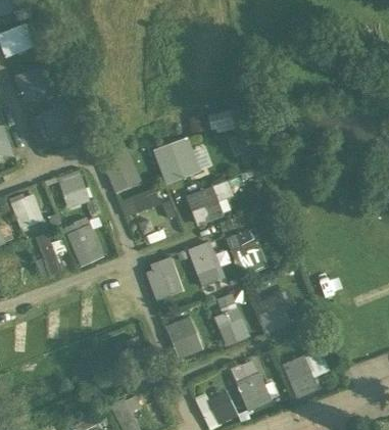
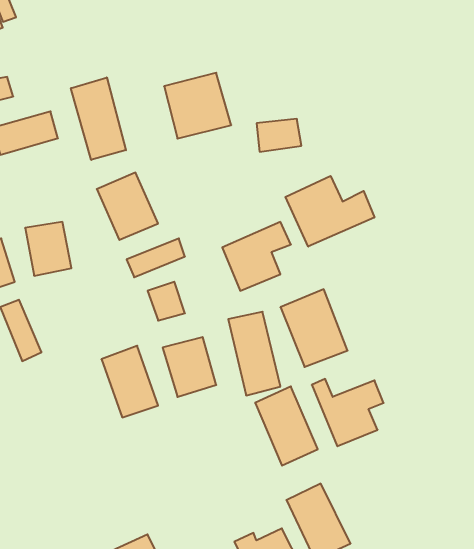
building: none -> [71,77,126,160]
building: [154,138,200,183] -> [164,73,231,139]
building: none -> [285,176,374,247]
building: [64,217,103,266] -> [101,346,158,417]
building: [165,315,204,360] -> none
building: [283,348,330,398] -> none

